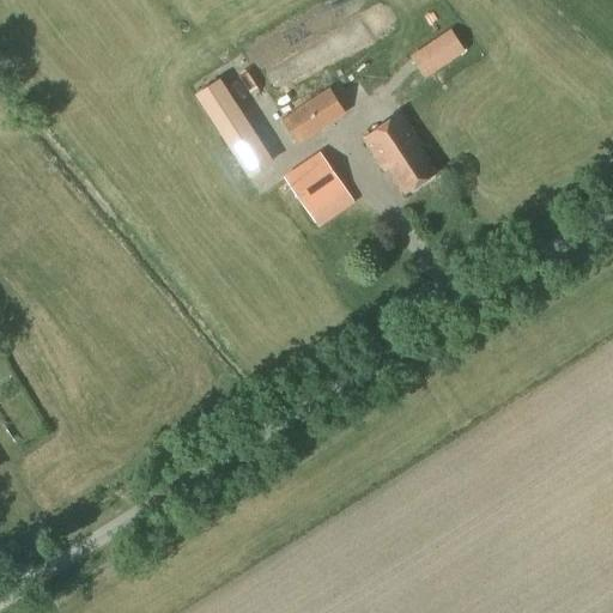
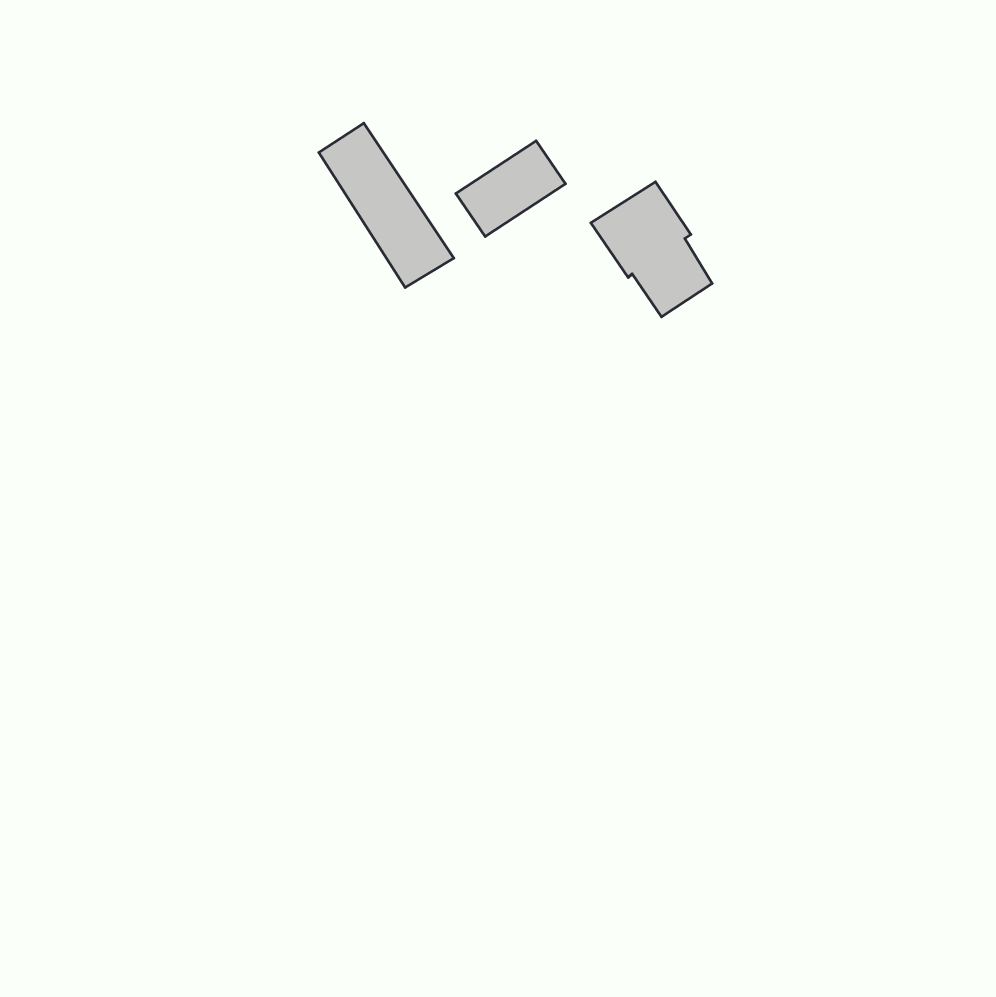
building: [412,28,468,78] -> none
building: [285,151,347,212] -> none

